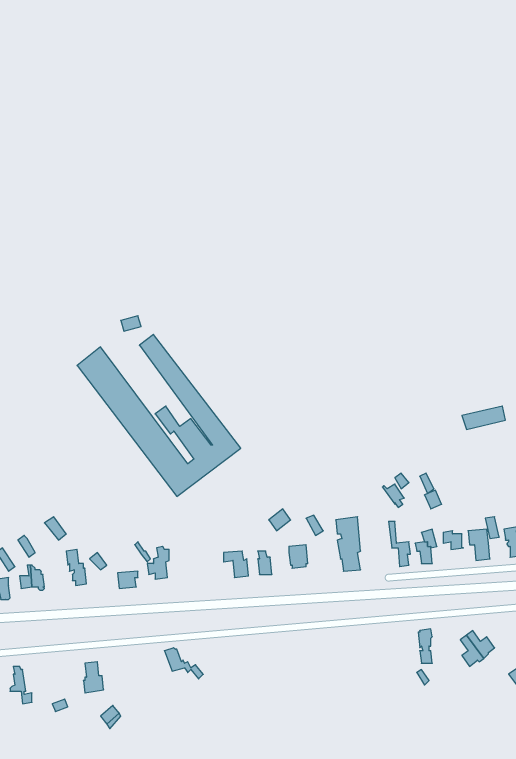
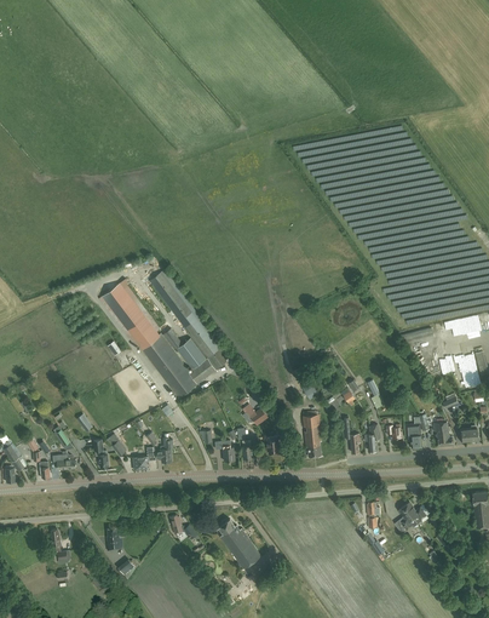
building: none -> [218,519,260,567]

